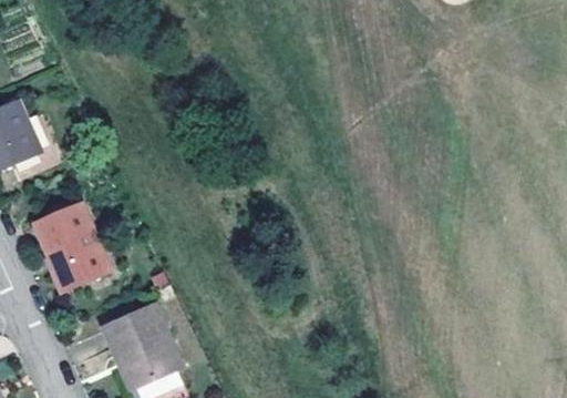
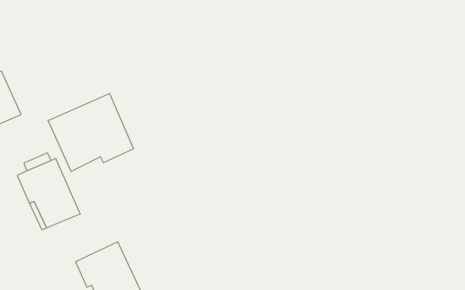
building: none -> [48,93,134,172]

